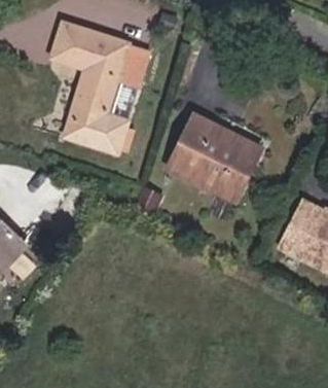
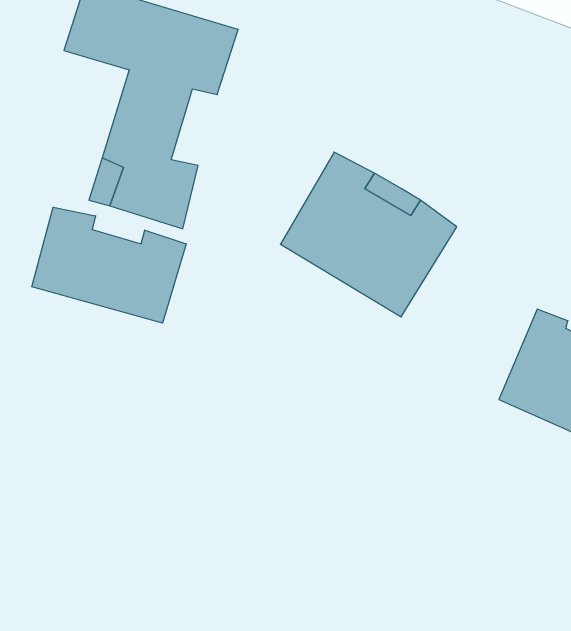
building: none -> [32,207,186,323]

